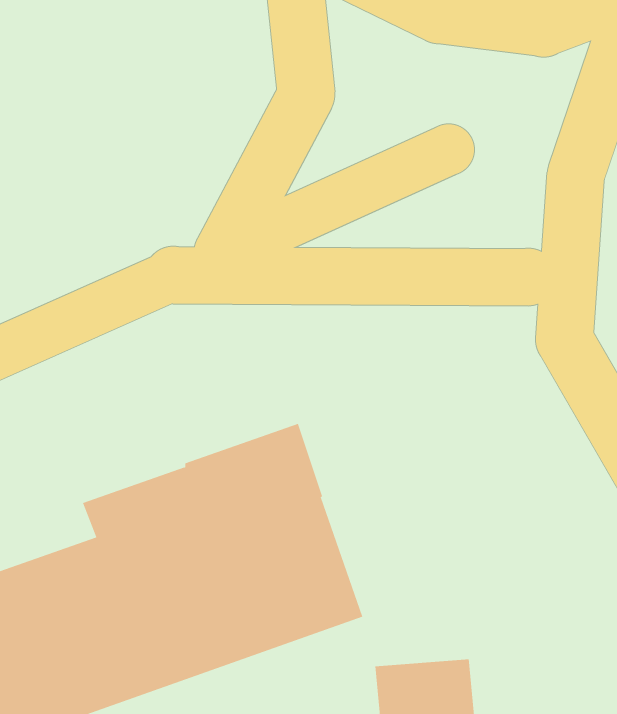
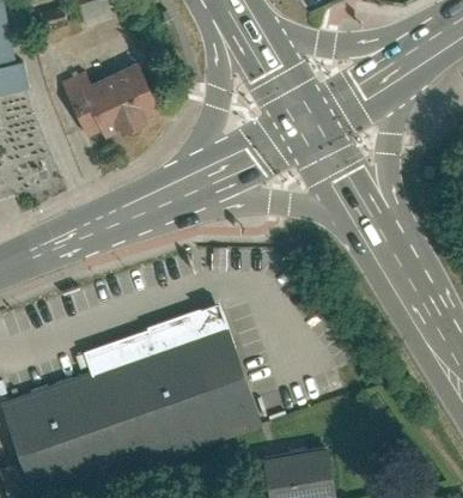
building: none -> [77,63,158,130]

